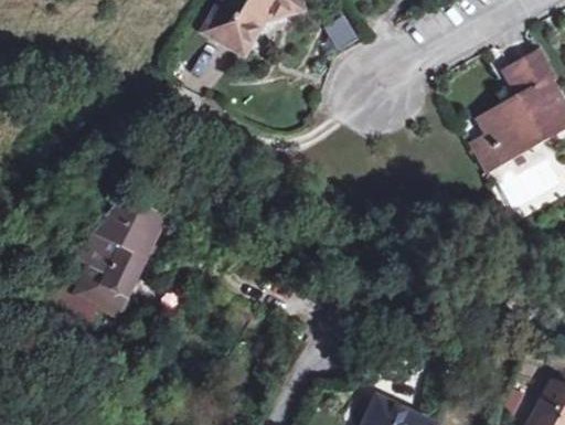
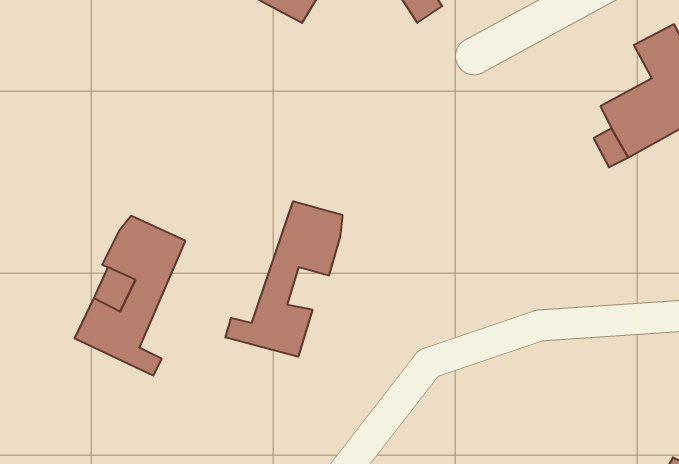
building: none -> [225,201,342,357]

